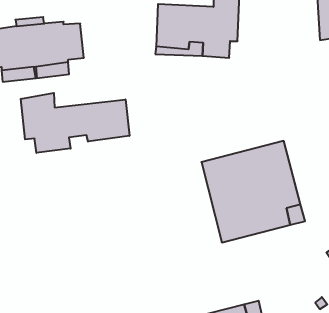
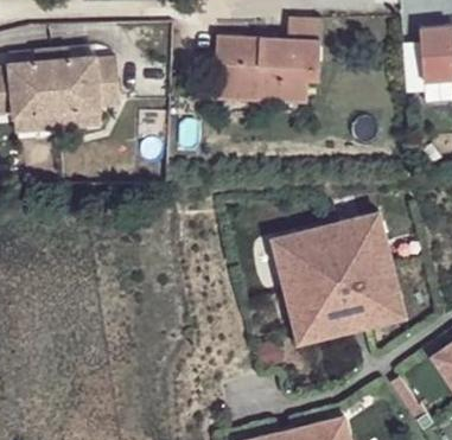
building: [21,93,129,153] -> none

